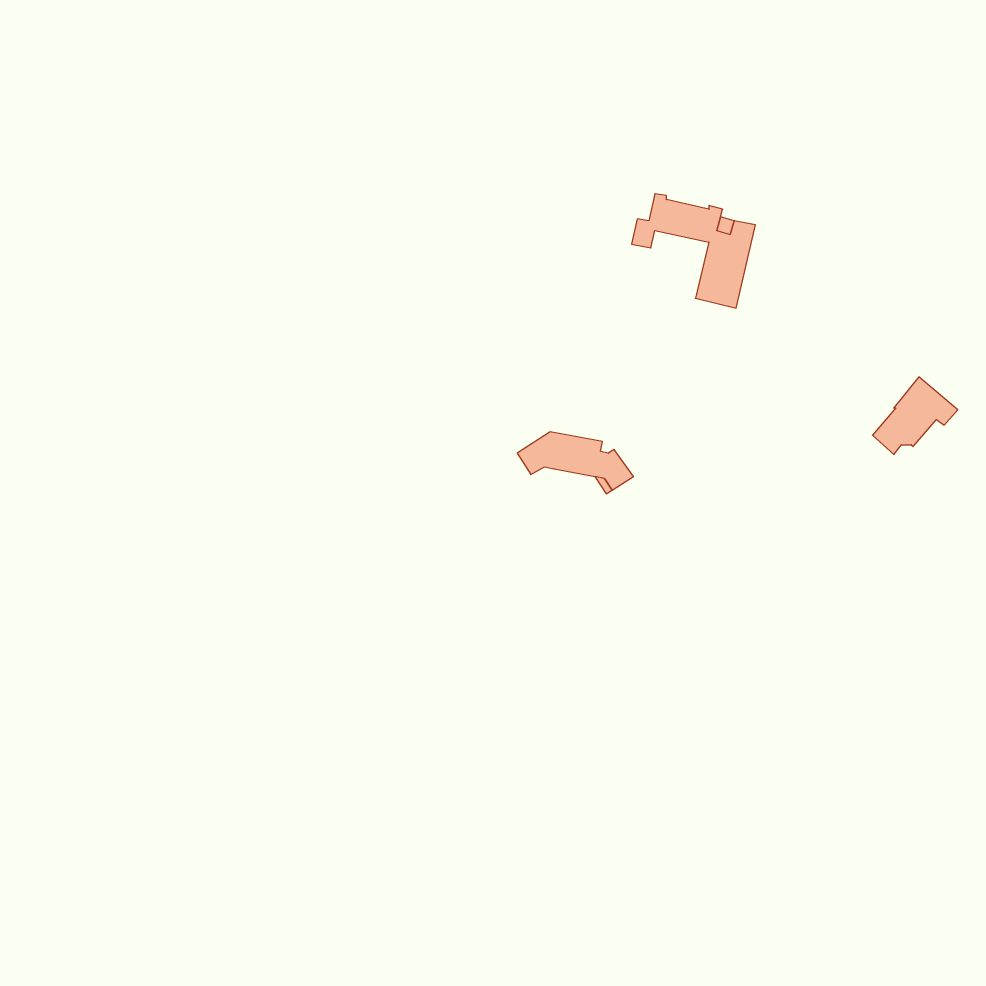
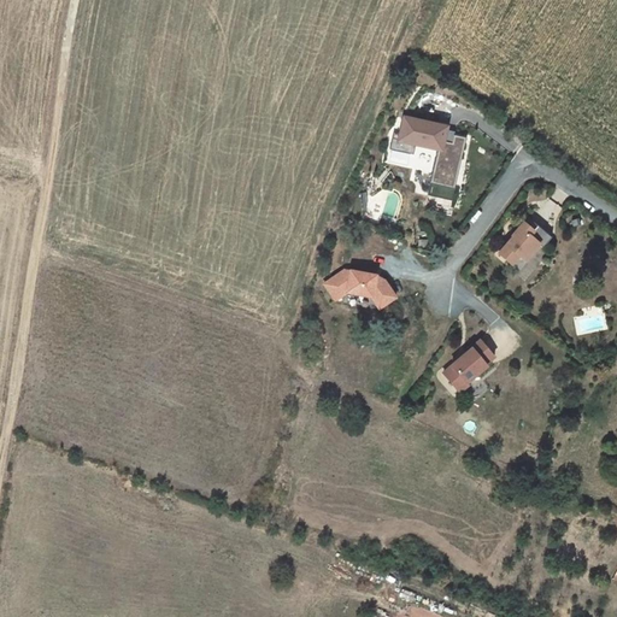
building: [872,377,958,454] -> [498,216,551,264]
building: none -> [442,340,494,392]

